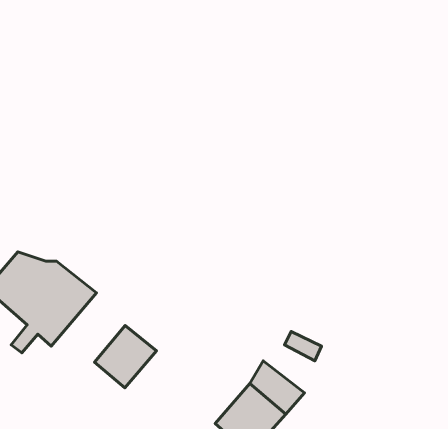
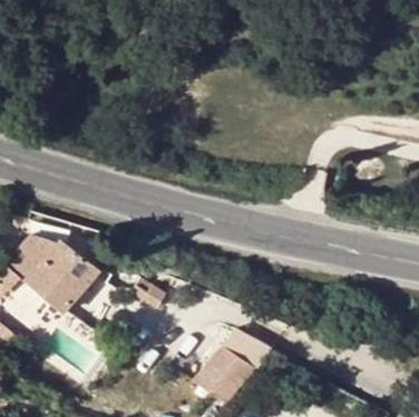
building: [95,326,157,388] -> none

